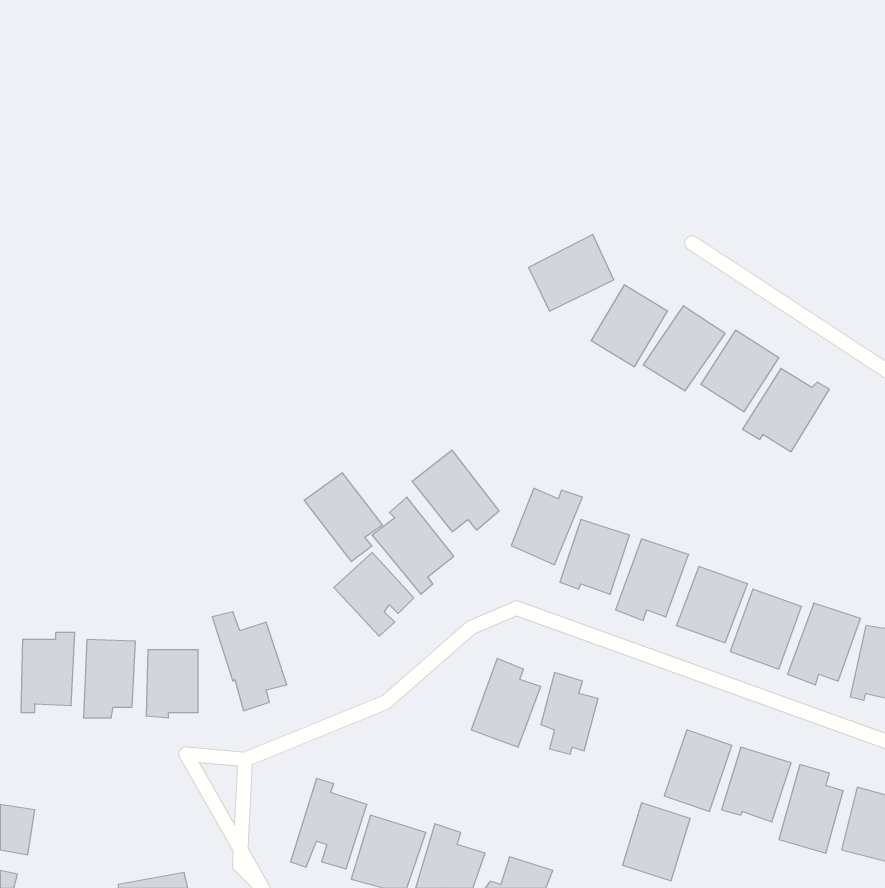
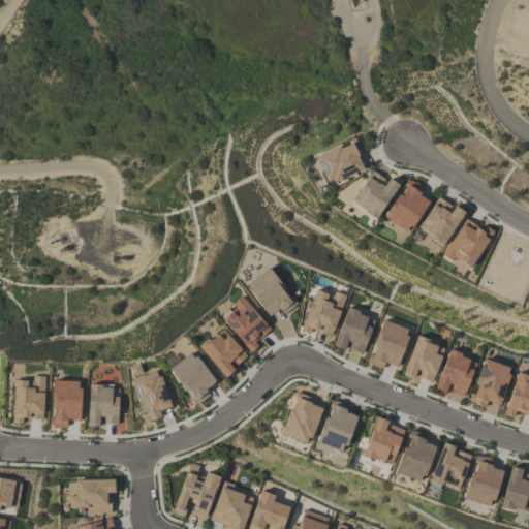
building: [304,473,382,561] -> [170,351,217,404]
building: [622,803,690,881] -> [365,418,405,465]
building: none -> [69,479,116,514]

